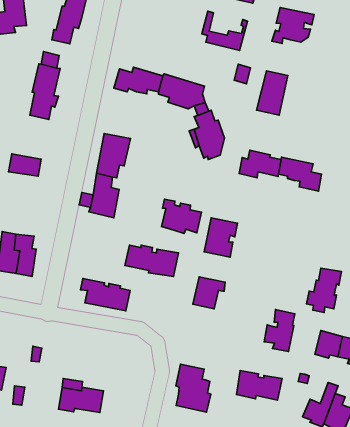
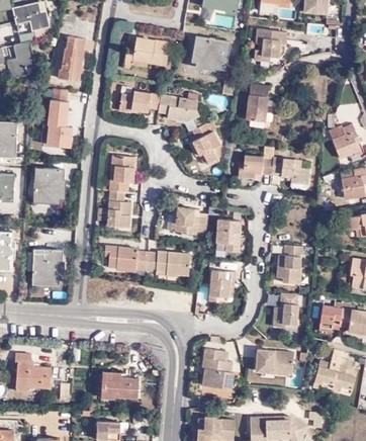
building: none -> [121,39,166,69]
building: none -> [196,39,225,58]
building: none -> [35,168,68,199]
building: [307,268,341,313] -> [275,245,302,283]
building: [80,278,130,311] -> [103,244,147,268]

